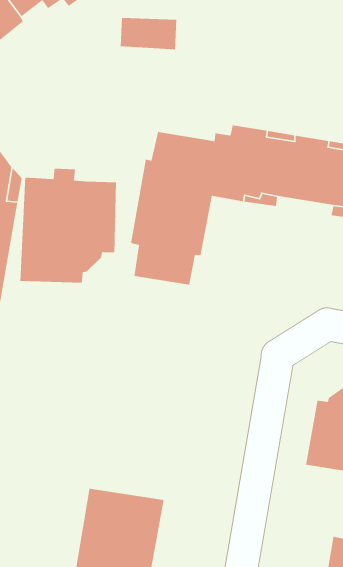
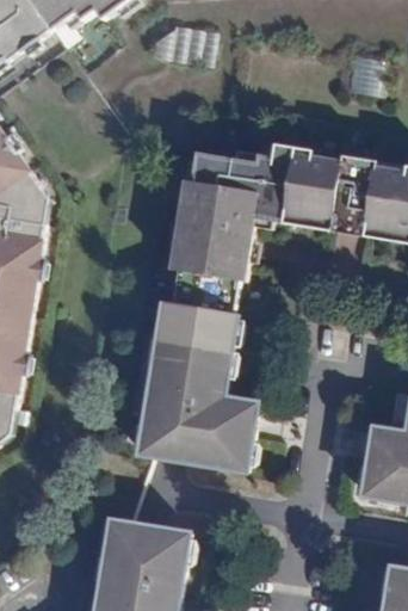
building: [20,168,117,284] -> none
building: none -> [135,300,252,468]

